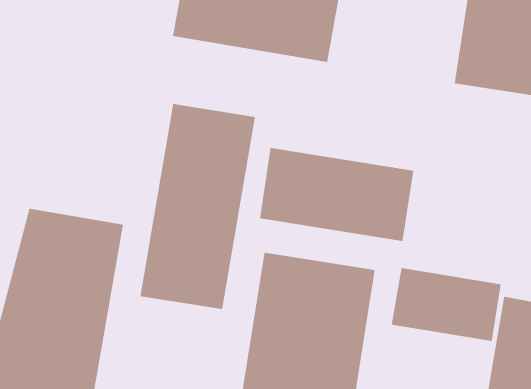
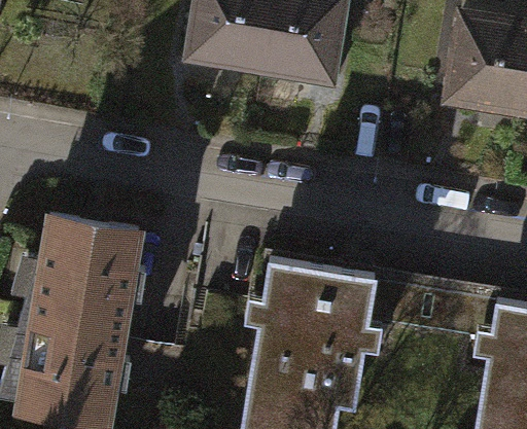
building: [140,103,255,310] -> none
building: [259,147,414,242] -> none

